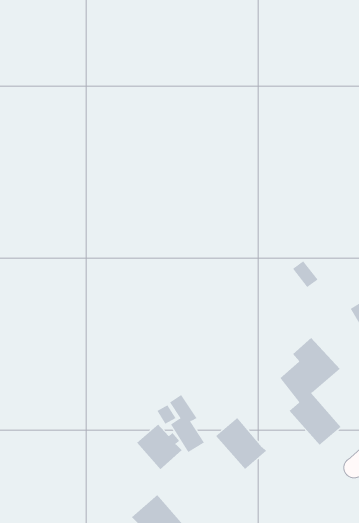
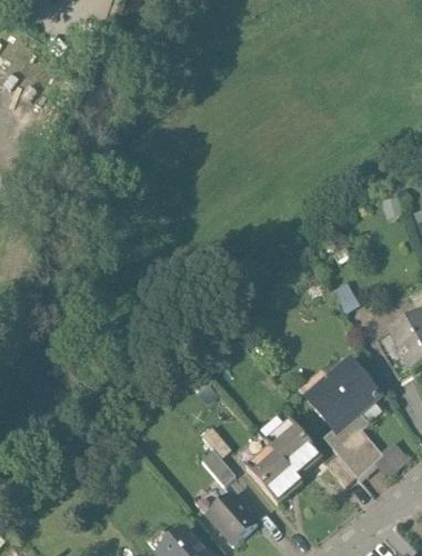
building: none -> [267,419,320,475]
building: [136,424,182,470] -> [208,492,257,540]

